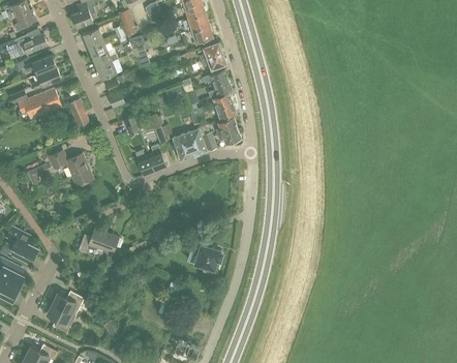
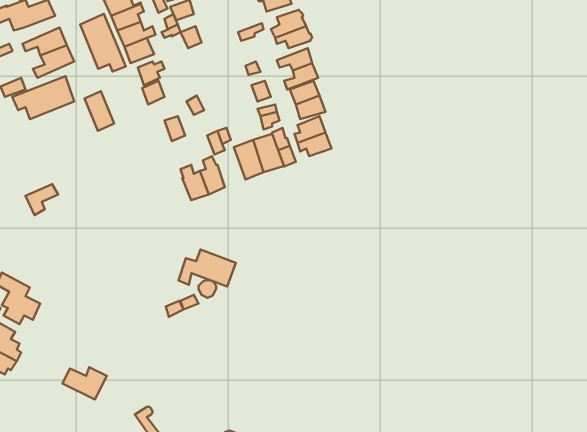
building: none -> [80,14,126,71]
building: [49,149,92,185] -> none
building: [79,228,119,253] -> [178,249,236,286]
building: [194,243,222,272] -> none
building: [47,303,75,332] -> none

